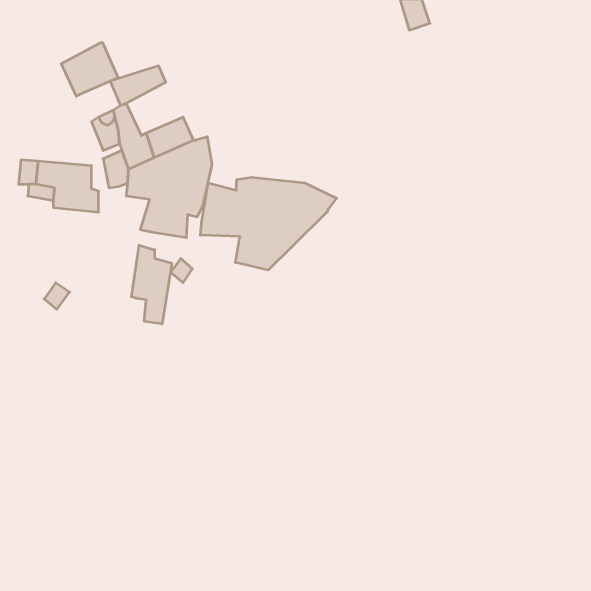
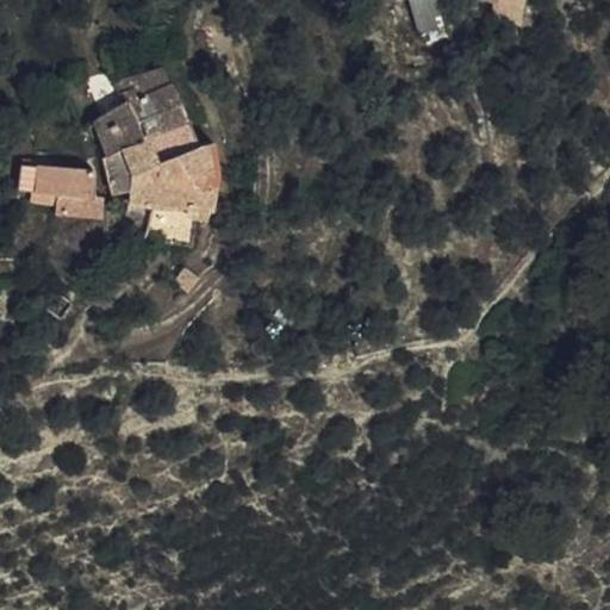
building: [61,43,118,96] -> [130,85,188,139]
building: [200,177,337,270] -> none
building: [131,245,172,324] -> none

